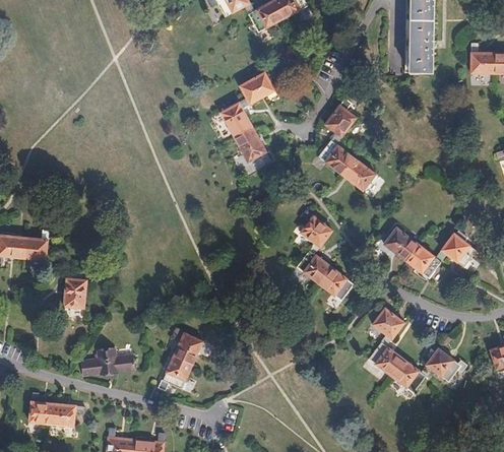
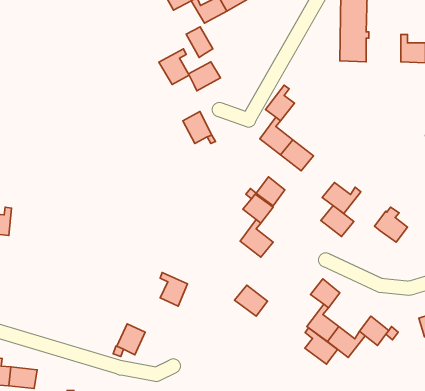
building: none -> [186,27,213,58]
building: [219,98,252,136] -> [159,49,189,85]
building: none -> [256,177,285,206]
building: [405,245,447,278] -> [322,182,361,213]
building: [318,267,354,301] -> [235,285,267,316]
building: [54,277,86,308] -> none
building: [174,328,203,365] -> [160,272,187,306]
building: [82,352,134,375] -> none
building: none -> [305,328,338,364]

